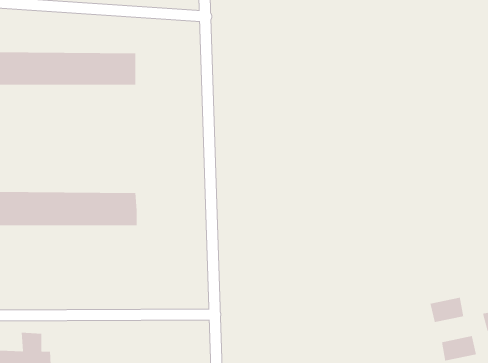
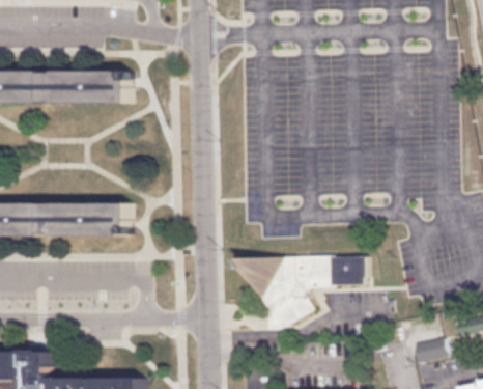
building: none -> [235,254,364,329]
building: [430,297,464,323] -> none

